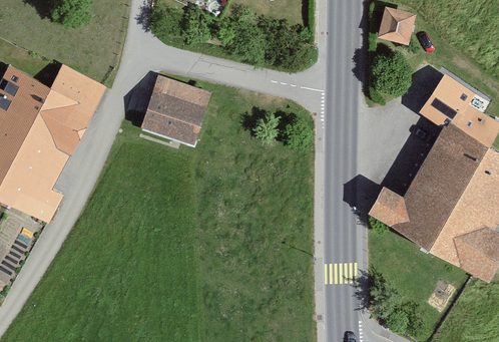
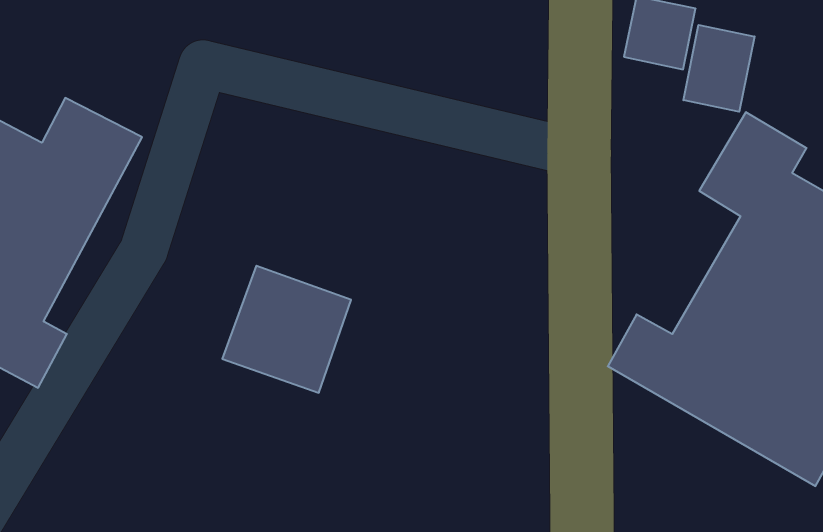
building: none -> [683,25,755,112]
building: [140,74,212,145] -> [222,266,351,393]

